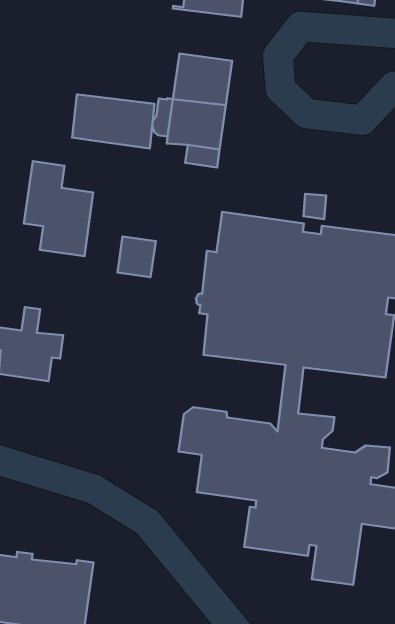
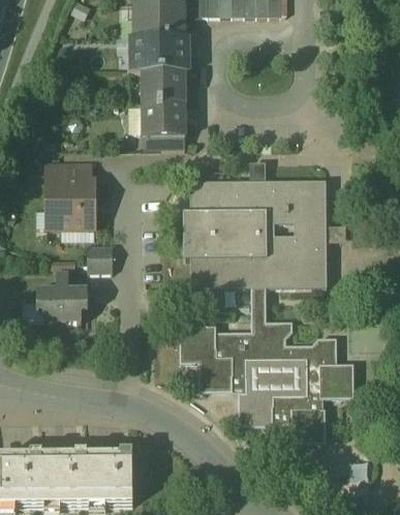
building: [72,94,155,148] -> [128,36,187,69]
building: [117,236,156,277] -> [87,245,112,272]

